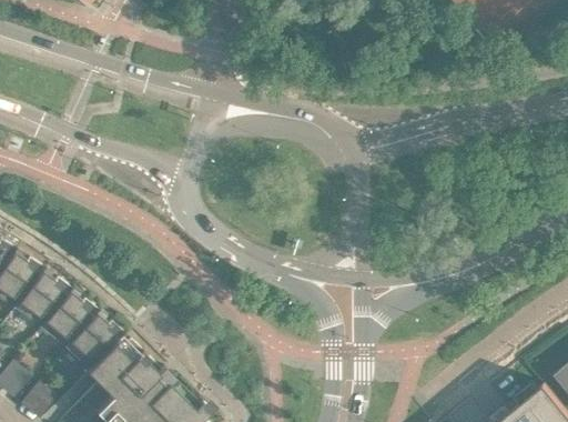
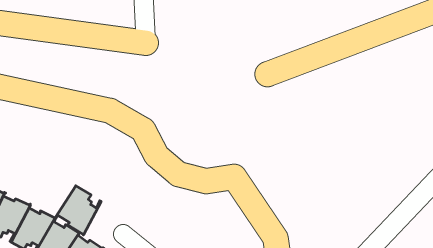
building: none -> [55,186,101,235]

